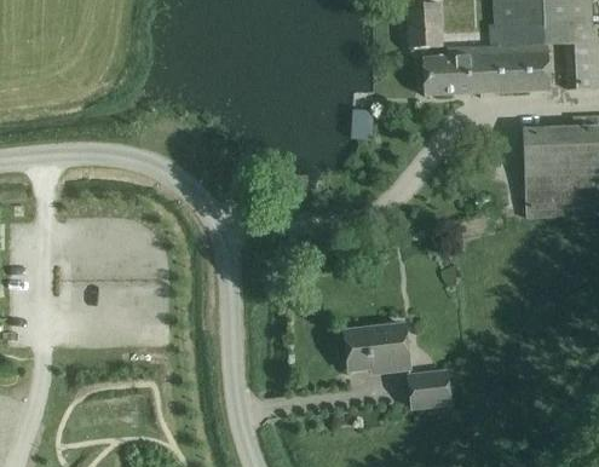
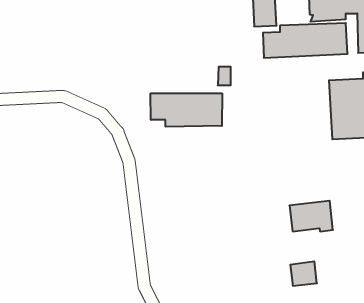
building: none -> [151,93,222,127]
building: [345,324,410,370] -> [289,201,333,231]
building: [410,371,450,408] -> [290,261,317,286]

